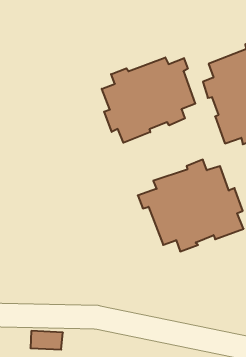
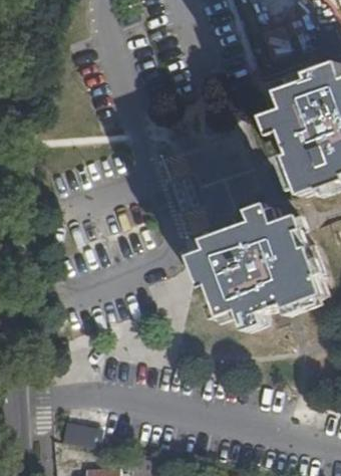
building: [102,57,195,143] -> none

